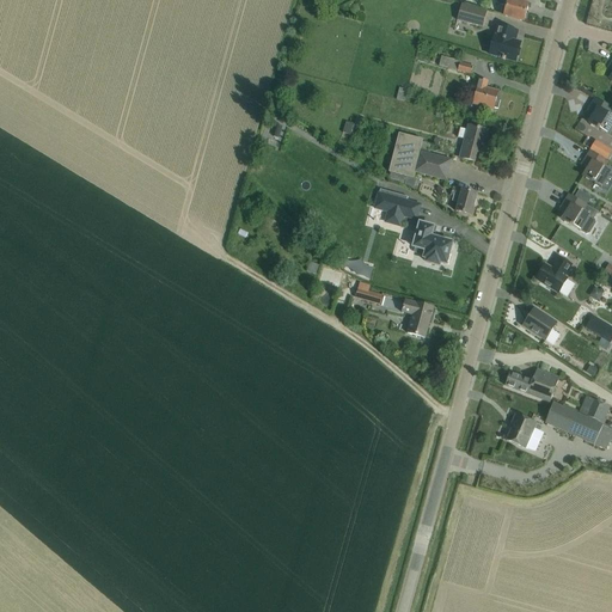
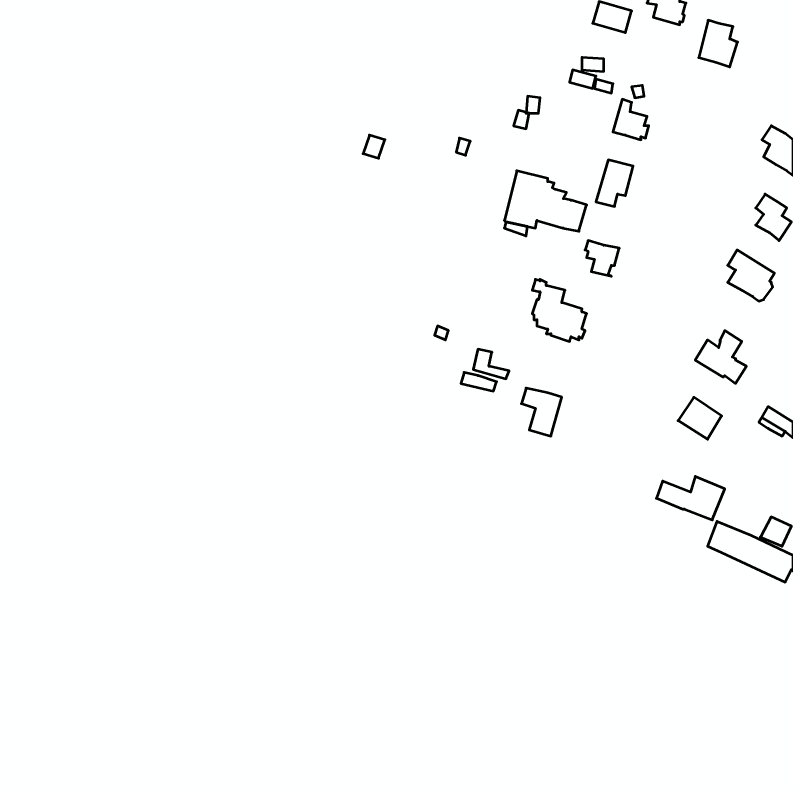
building: [490,24,520,60] -> [699,20,738,67]
building: [374,186,420,218] -> none
building: [506,412,541,446] -> none

